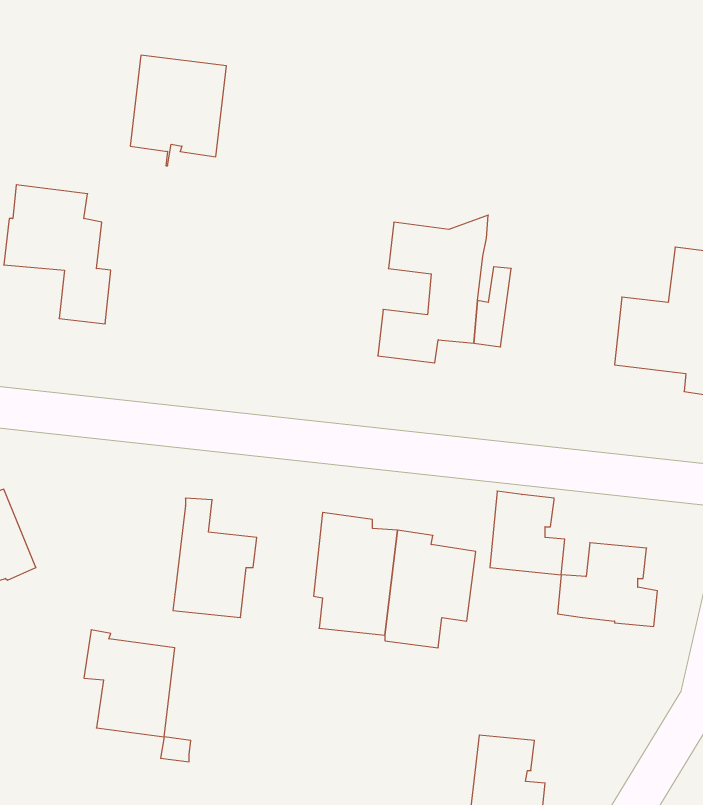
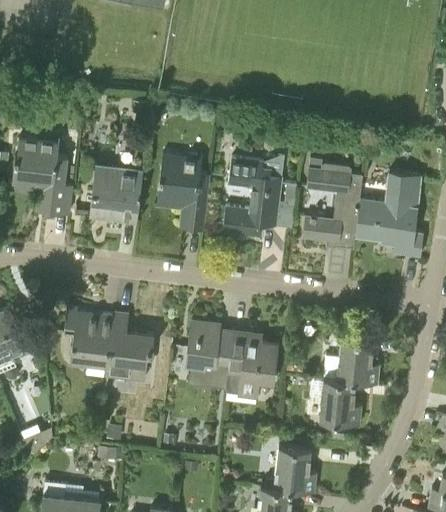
building: [130,55,226,166] -> [89,166,143,228]
building: none -> [157,154,210,231]
building: none -> [302,164,362,249]
building: [490,491,565,575] -> [319,378,361,425]
building: [84,630,175,737] -> [63,307,114,367]

